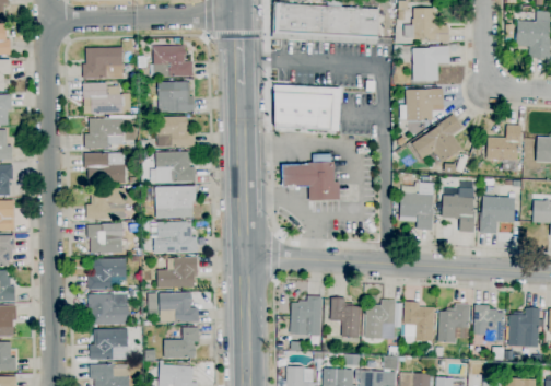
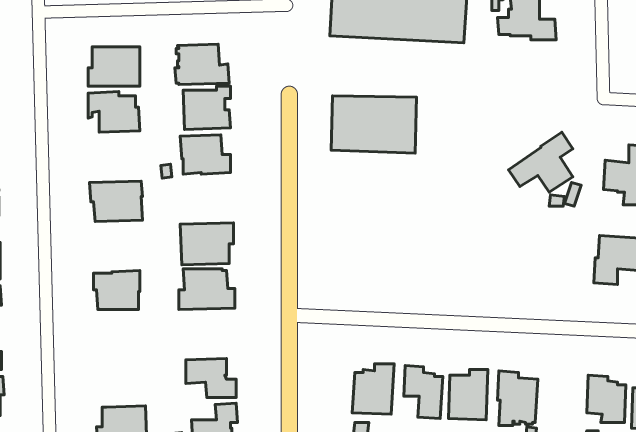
building: [412,45,449,80] -> none
building: [400,87,444,120] -> none
building: [85,117,124,149] -> none
building: [156,151,196,182] -> none
building: [283,161,340,200] -> none
building: [399,182,435,230] -> none
building: [86,187,126,219] -> none
building: [442,194,476,232] -> none
building: [87,255,127,289] -> none
building: [157,256,198,288] -> none
building: [89,293,130,324] -> none
building: [437,303,469,342] -> none

